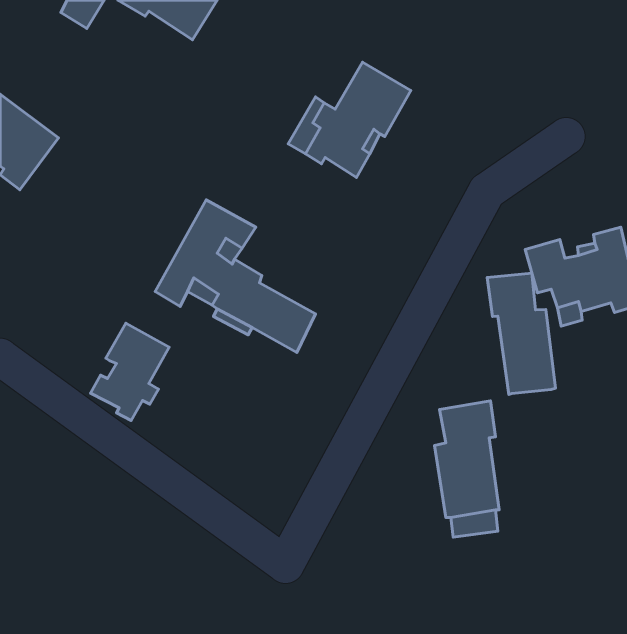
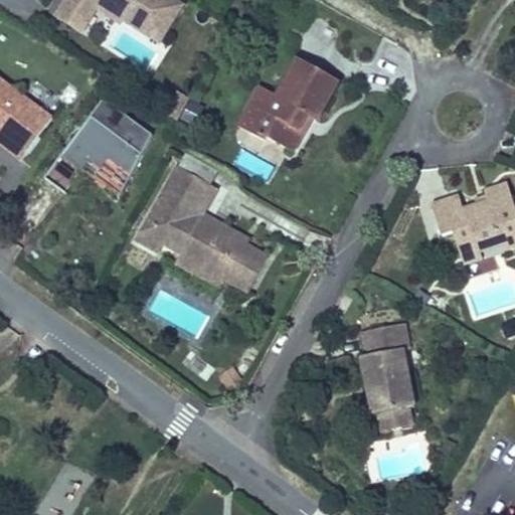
building: none -> [50,102,158,197]
building: [487,273,555,394] -> none
building: [90,323,169,421] -> none

